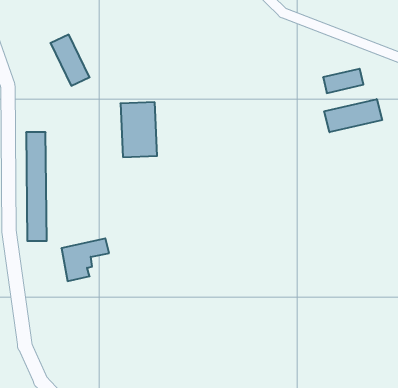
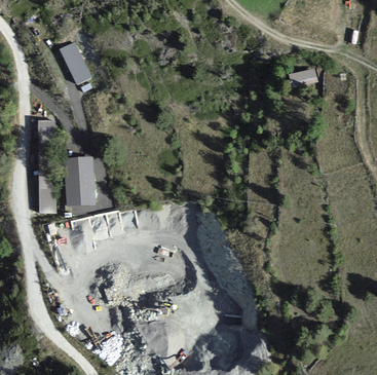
building: [324,99,382,132] -> none
building: [120,102,157,157] -> [65,159,96,205]

